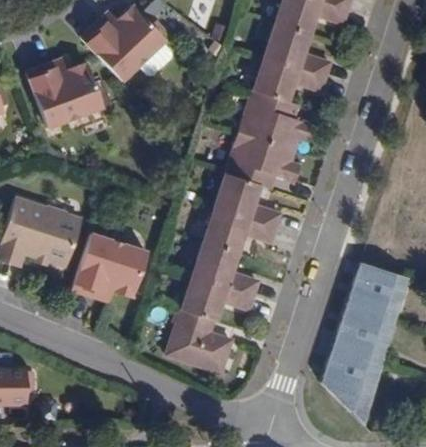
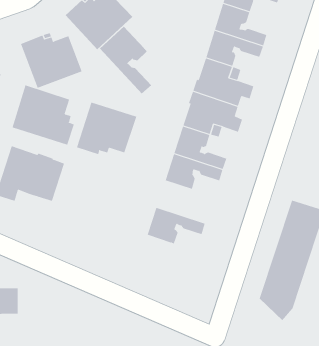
building: none -> [99,26,152,94]
building: none -> [12,85,75,146]
building: [73,234,148,299] -> [76,102,137,155]
building: [194,241,260,294] -> none
building: [168,307,233,372] -> none

